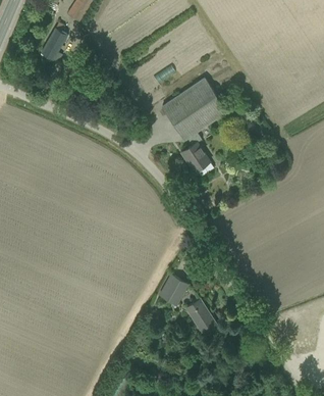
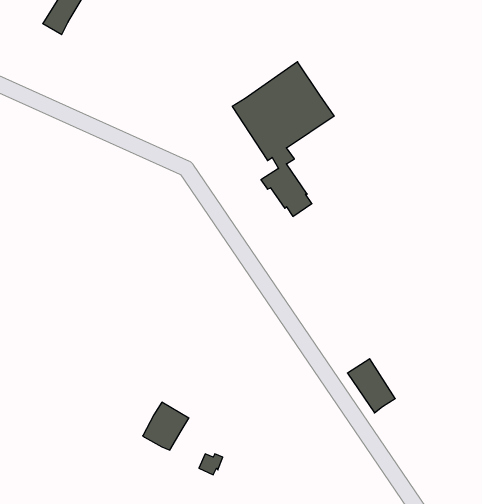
building: [159,275,188,305] -> [143,402,189,450]
building: [185,299,216,334] -> [347,359,395,413]

